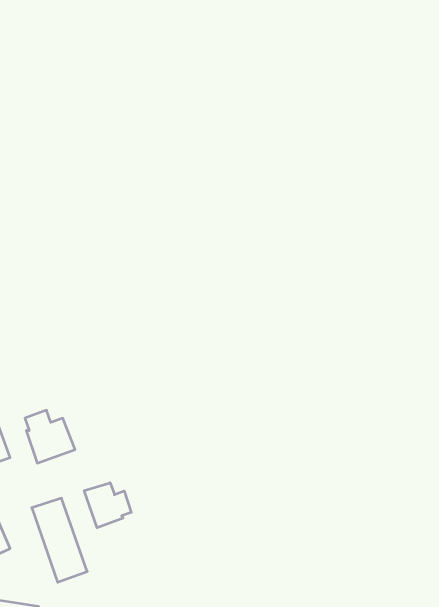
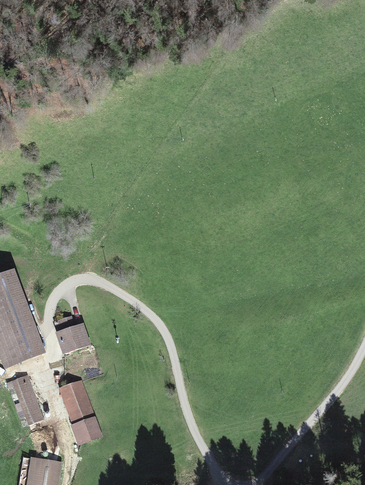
building: [84,483,131,528] -> none

